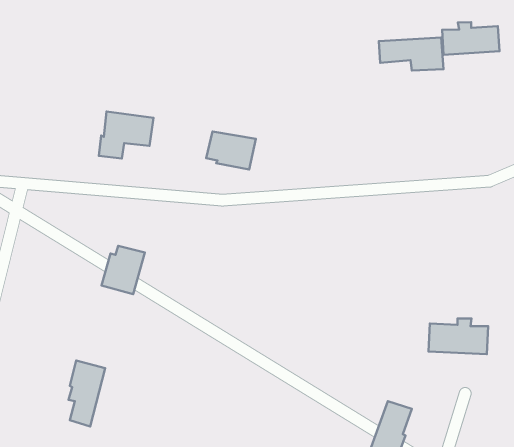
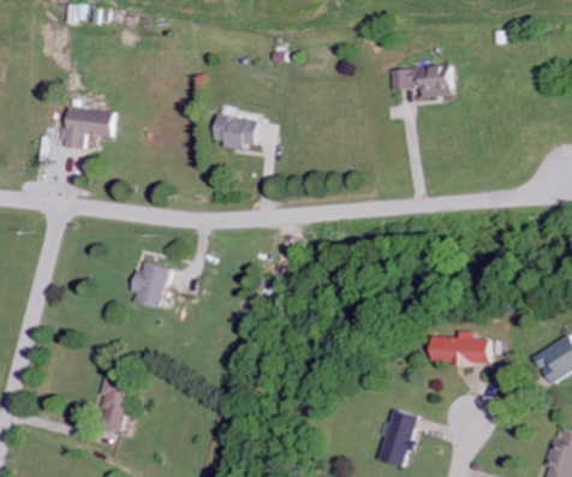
building: [442,22,499,55] -> none
building: [99,111,153,158] -> [59,106,111,150]
building: [206,131,256,170] -> [210,114,257,150]

